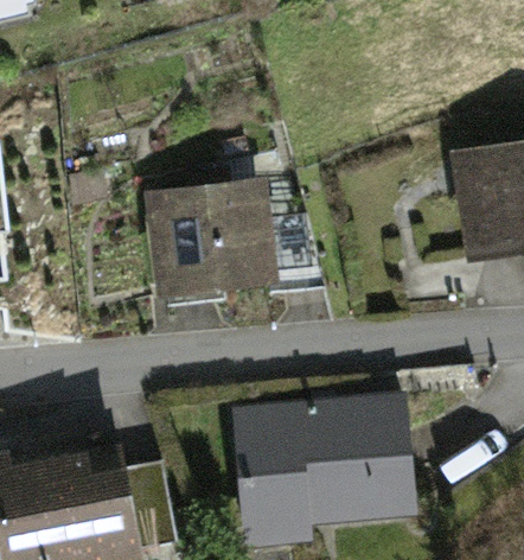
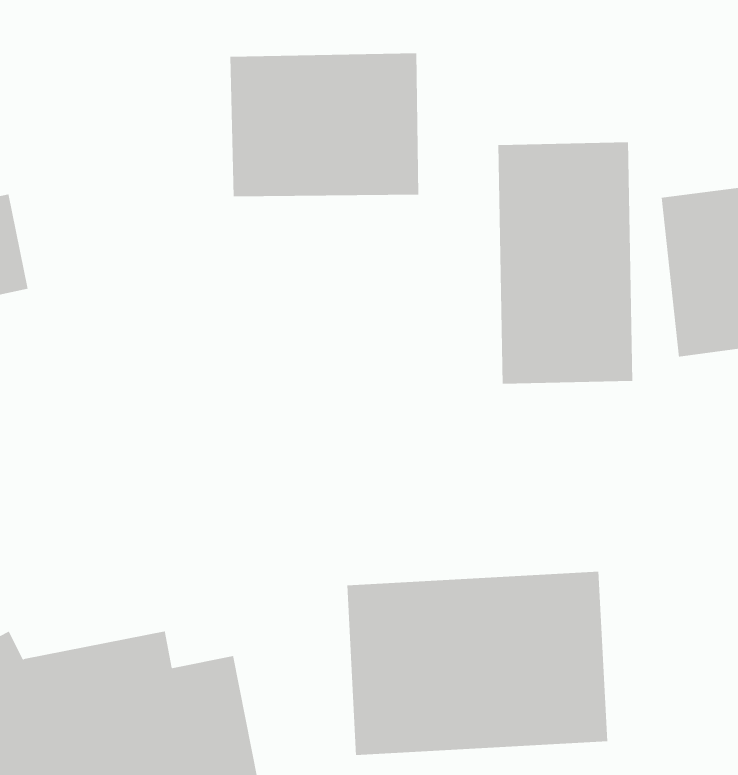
building: none -> [498,141,633,385]
building: [143,191,271,288] -> [229,53,419,197]

